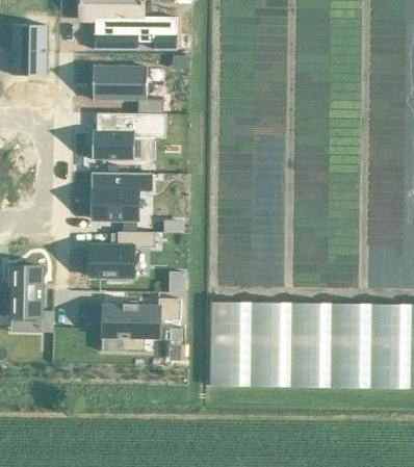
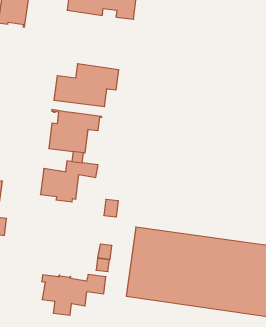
building: [93,64,162,112] -> none
building: [103,297,180,349] -> [42,275,106,315]

